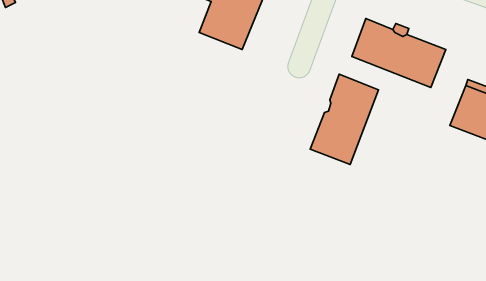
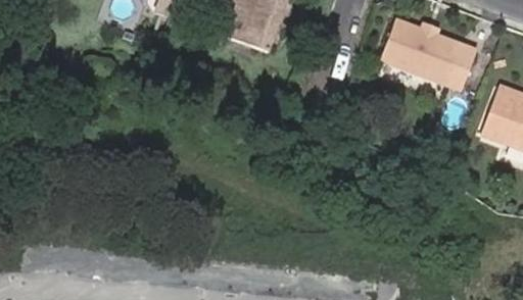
building: [310,74,379,164] -> none

